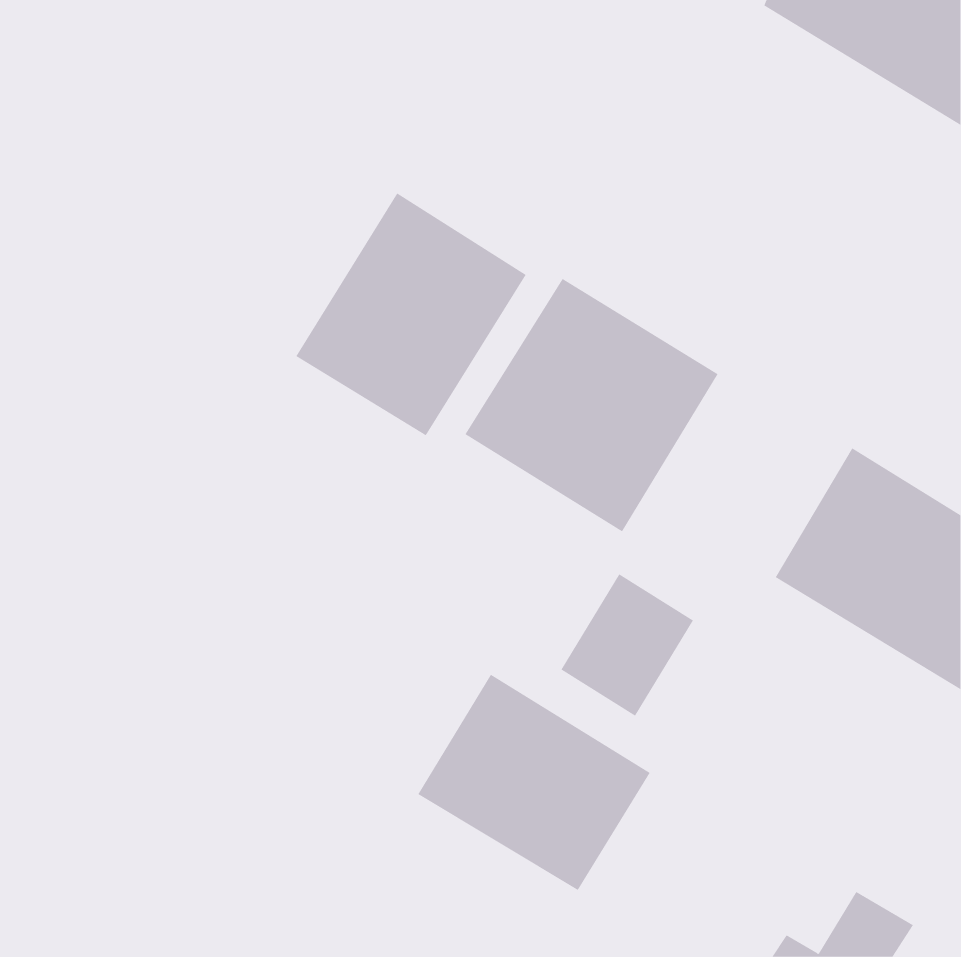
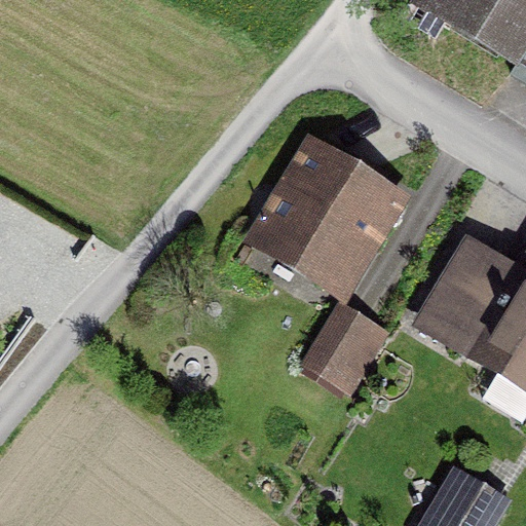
building: [295,192,527,436] -> none
building: [418,674,651,891] -> none

